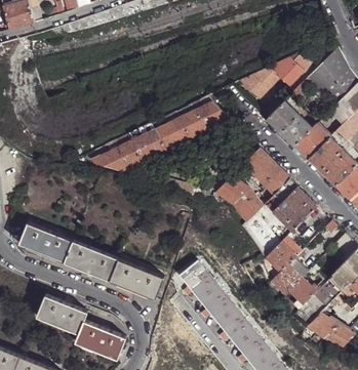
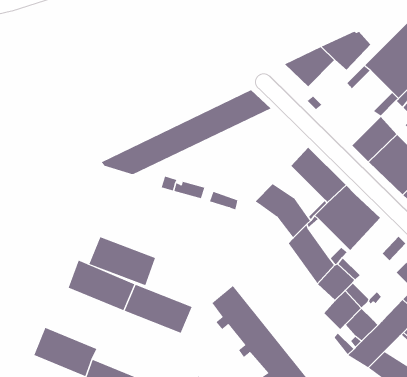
building: [267,101,312,148] -> none
building: [18,222,73,262] -> [89,236,156,286]

